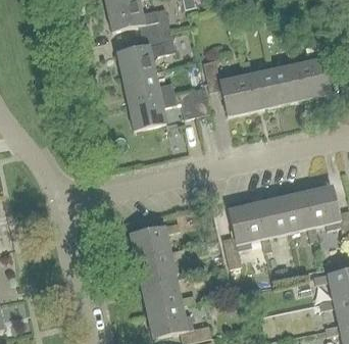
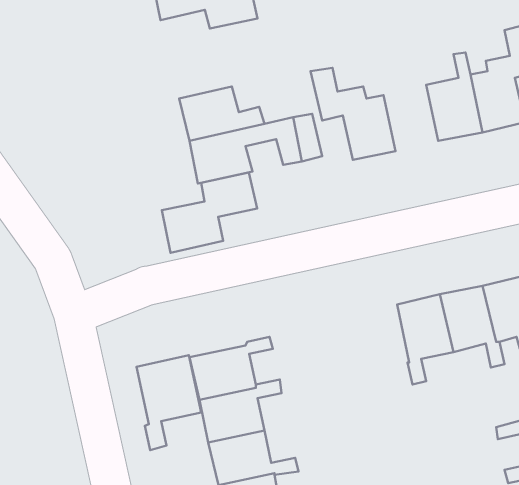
building: [117,31,174,79] -> [162,173,257,253]
building: [242,60,278,110] -> none
building: [221,202,260,266] -> none
building: none -> [137,355,201,450]

